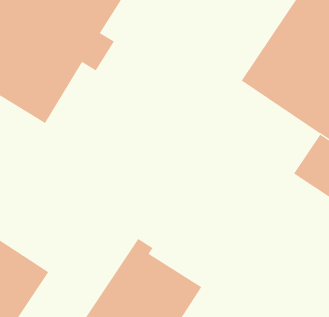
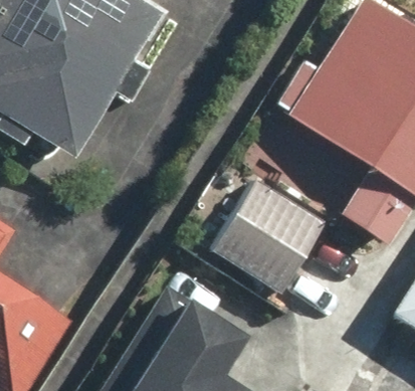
building: none -> [212,177,331,296]

